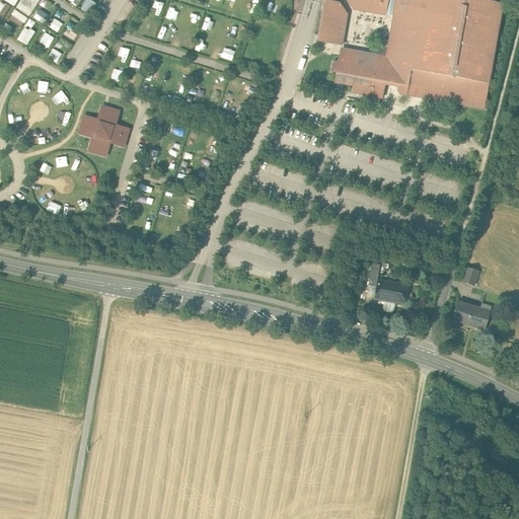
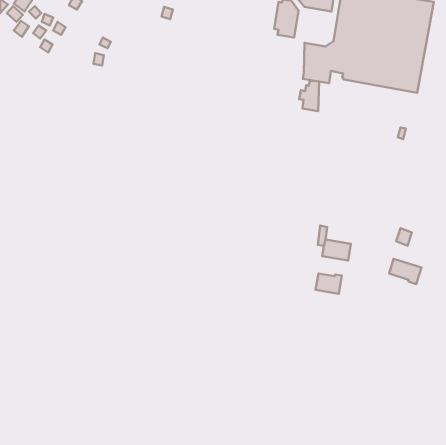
building: [330,48,354,84] -> [299,80,319,111]
building: [81,107,126,152] -> none
building: none -> [315,274,342,294]

